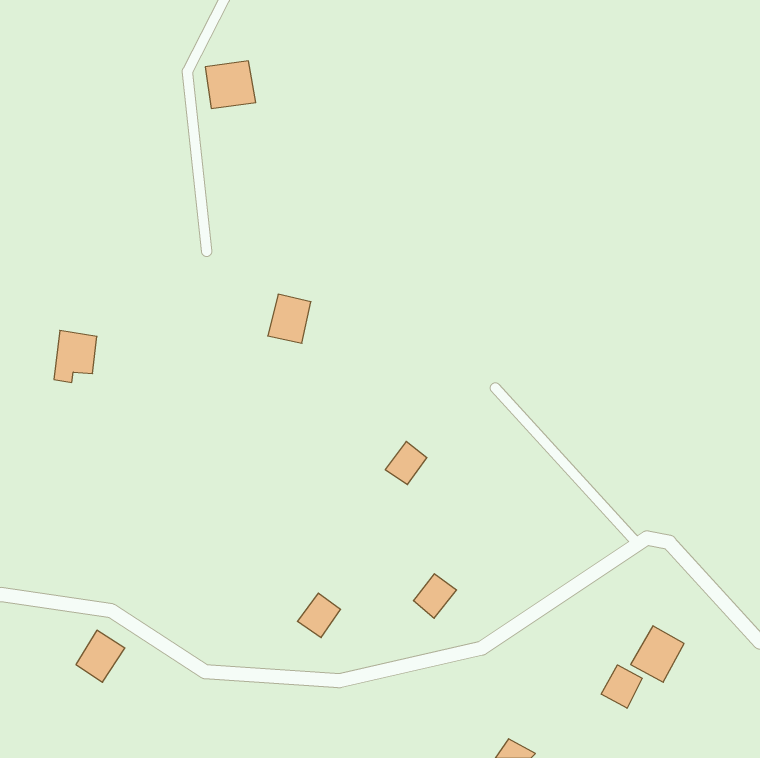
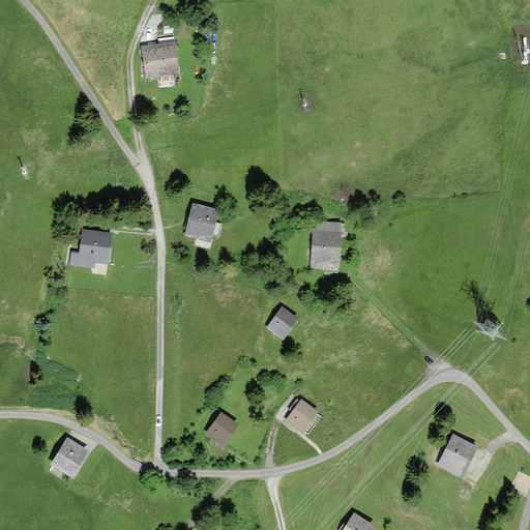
building: none -> [313,220,341,266]
building: [54,330,97,382] -> [80,230,110,266]
building: [601,665,642,708] -> none

